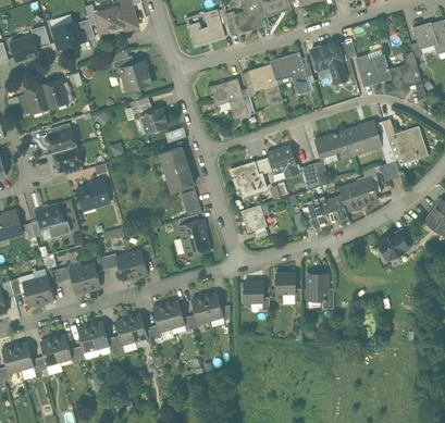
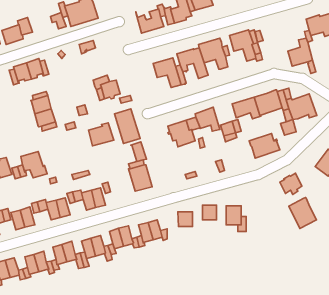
building: [51,24,85,48] -> none
building: [356,54,391,86] -> none
building: [120,63,150,88] -> none
building: [76,179,110,210] -> [88,123,114,146]
building: [311,195,347,227] -> none
building: [239,204,267,232] -> none
building: none -> [289,198,317,229]

